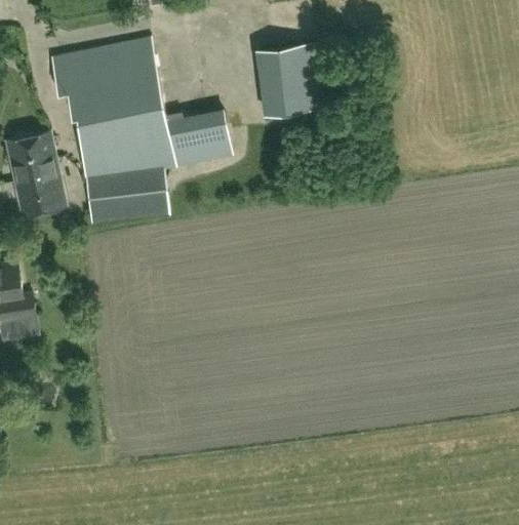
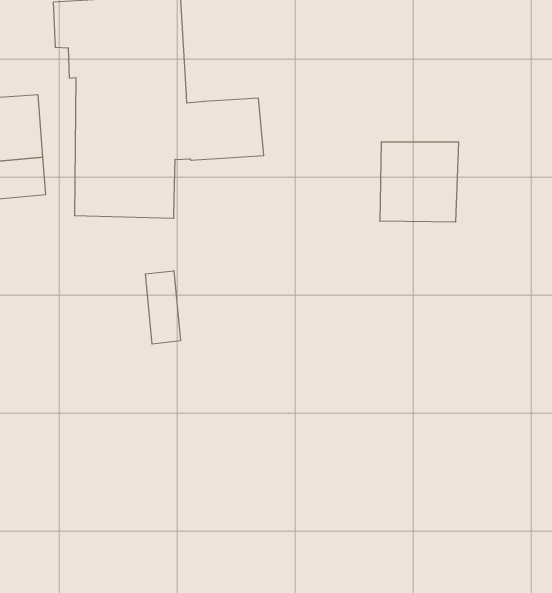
building: [255,46,322,116] -> [380,142,459,222]
building: none -> [145,271,181,344]

